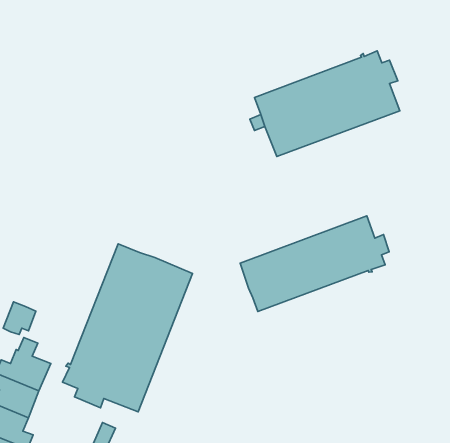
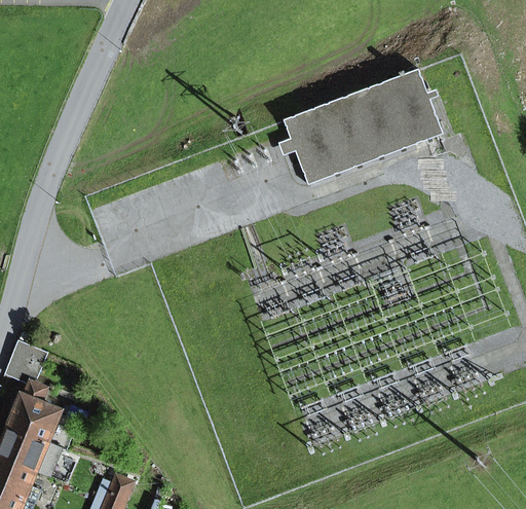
building: [240,216,389,312] -> none
building: [63,244,192,412] -> none

